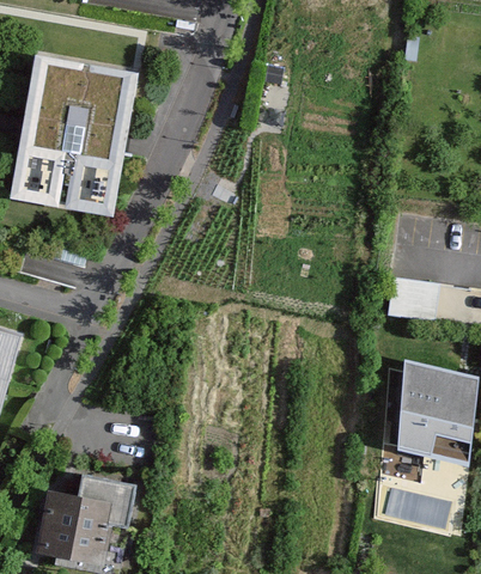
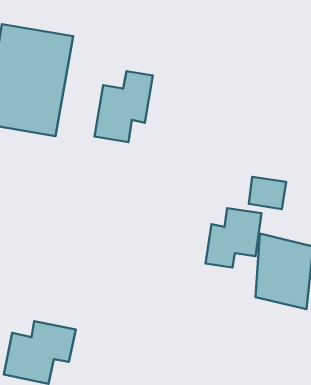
building: none -> [95,71,153,142]
building: none -> [206,208,262,267]

